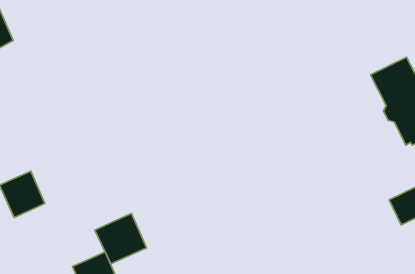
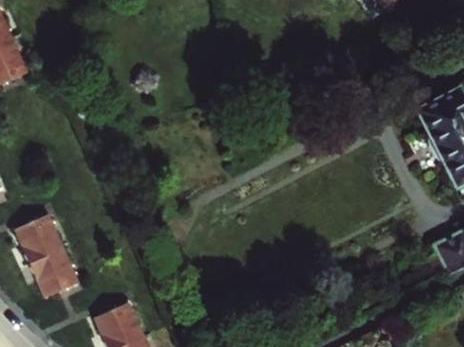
building: none -> [31,247,79,297]
building: [95,213,147,264] -> none

